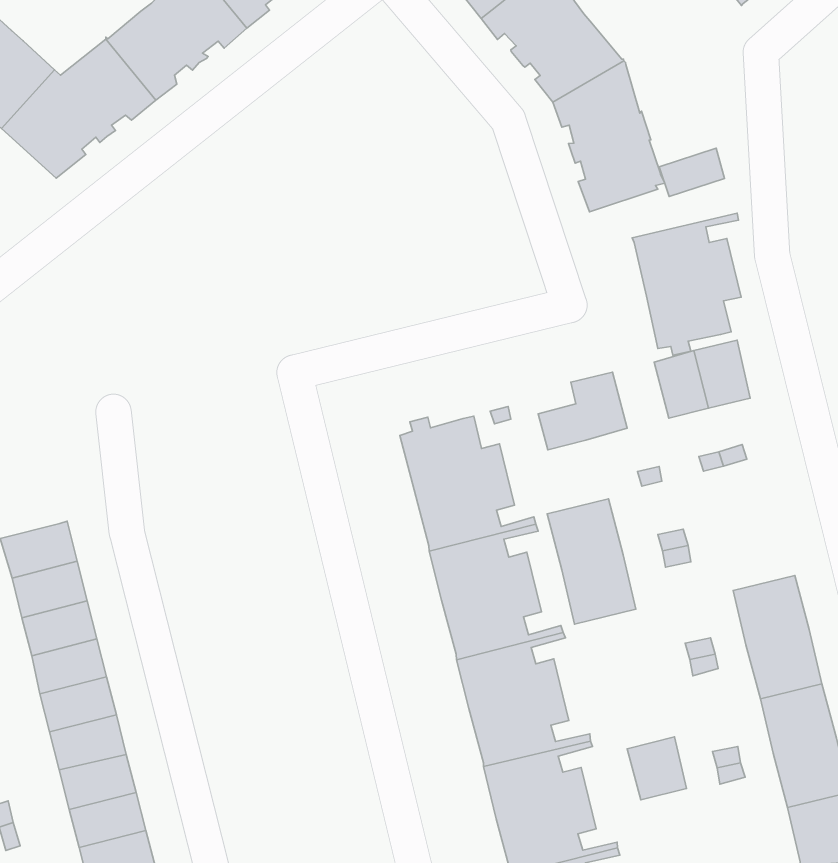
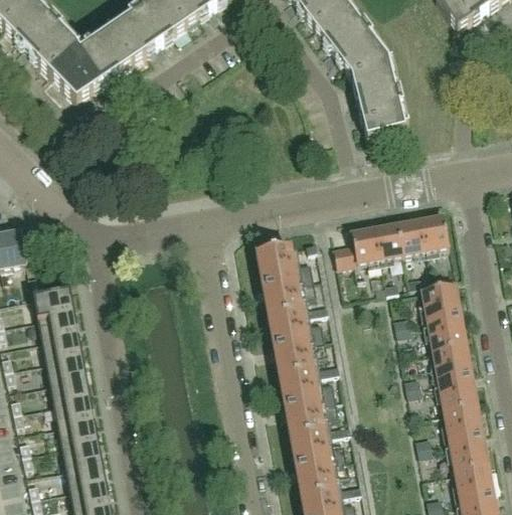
building: [659,148,724,196] -> none
building: [632,213,741,355] -> none
building: none -> [373,221,402,256]
building: [547,499,636,624] -> [420,282,466,349]
building: [627,737,686,800] -> none

